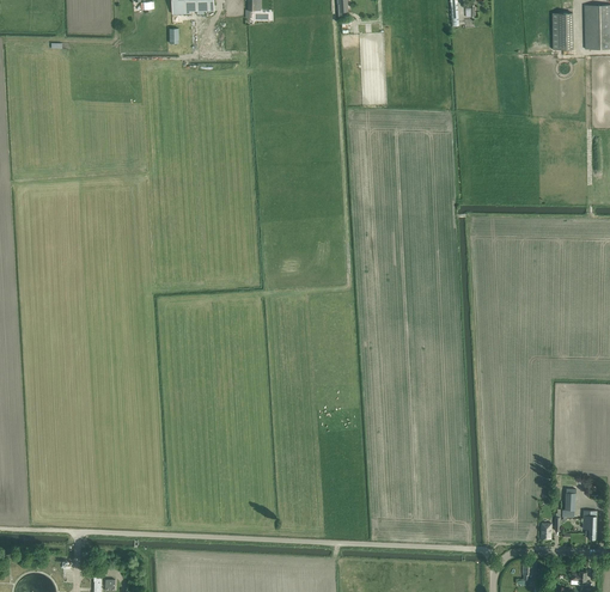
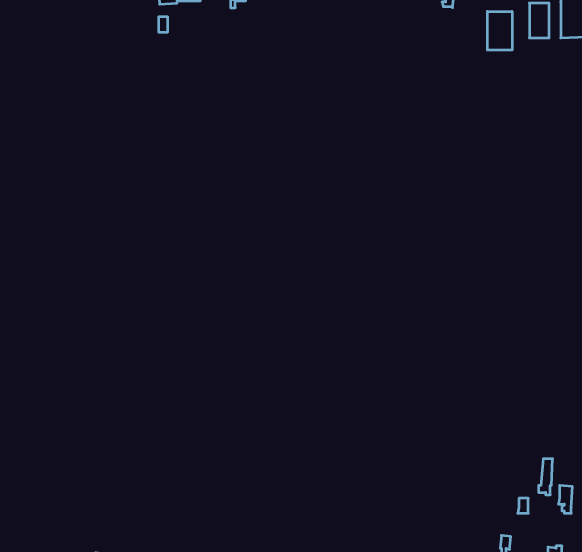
building: none -> [487,11,512,50]

